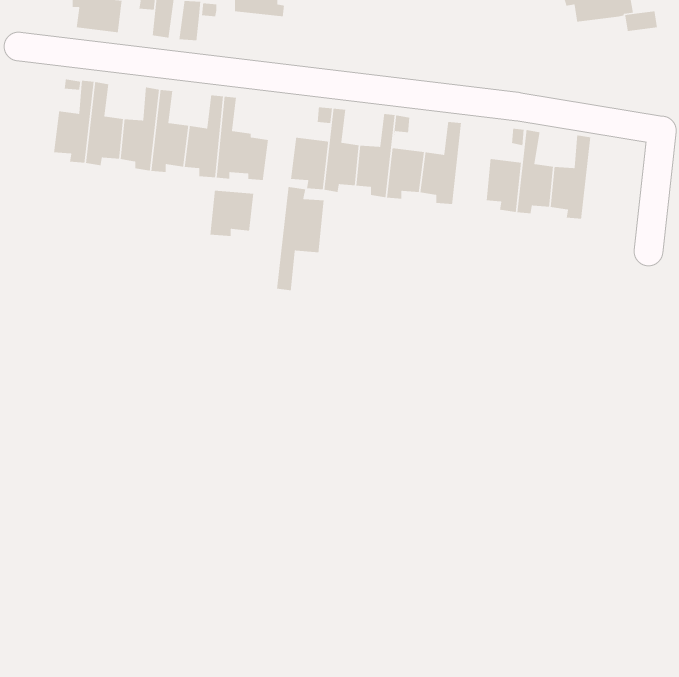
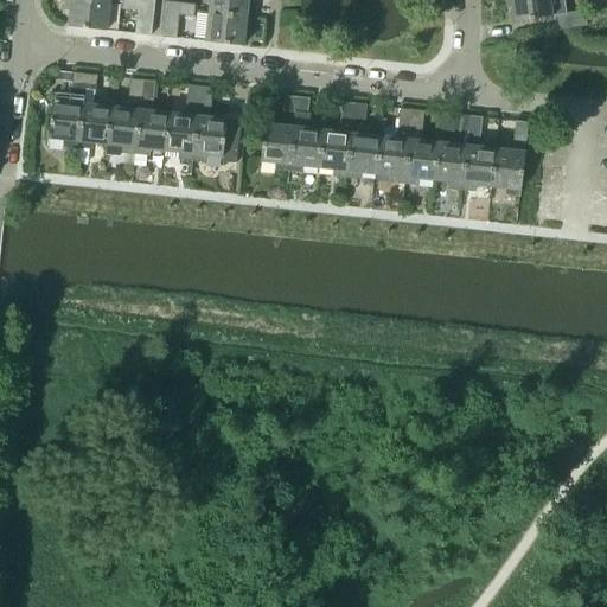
building: none -> [206,11,254,45]
building: none -> [404,109,437,185]
building: [276,186,324,291] -> none
building: [210,190,254,237] -> none

